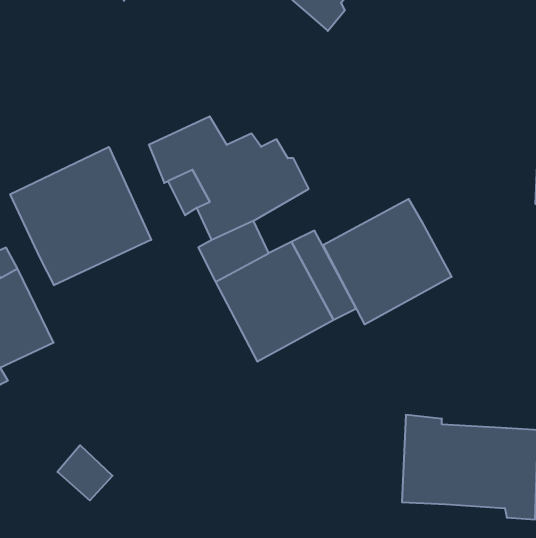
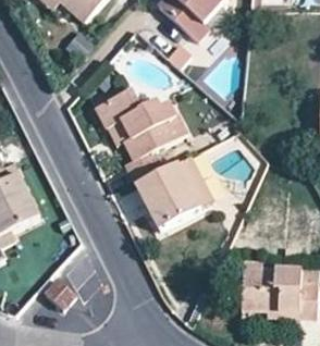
building: [10,147,151,285] -> none
building: [323,199,452,324] -> none

